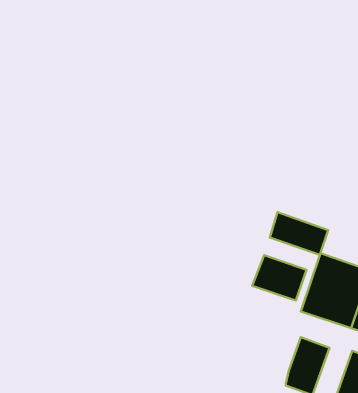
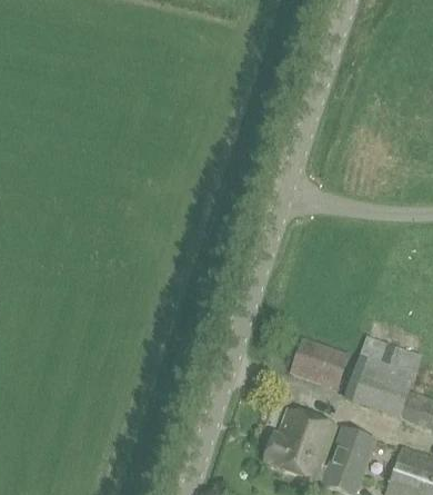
building: [270,212,328,255] -> none
building: none -> [263,409,336,482]

